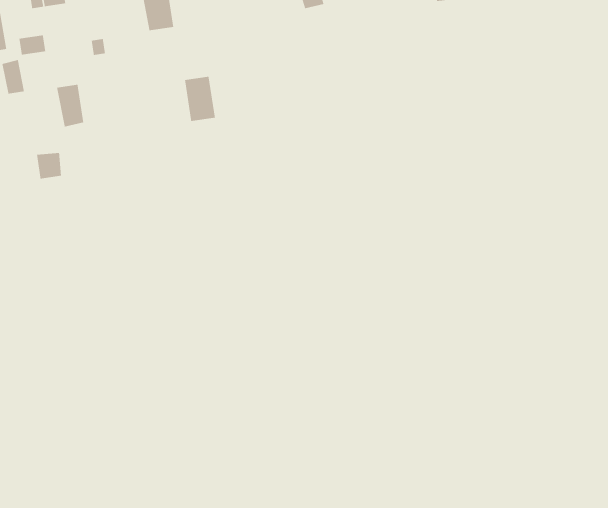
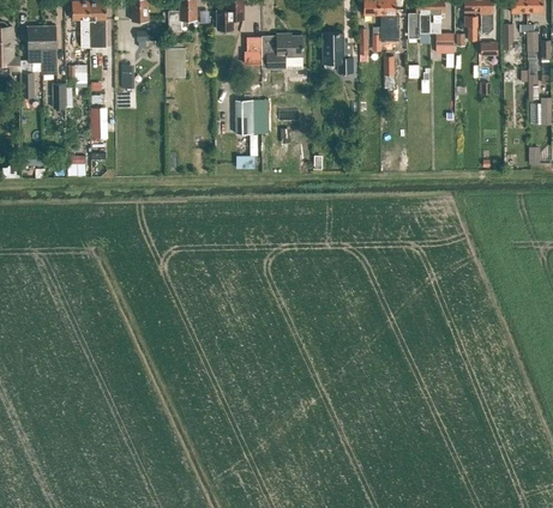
building: [184,76,216,122] -> [238,103,257,135]

